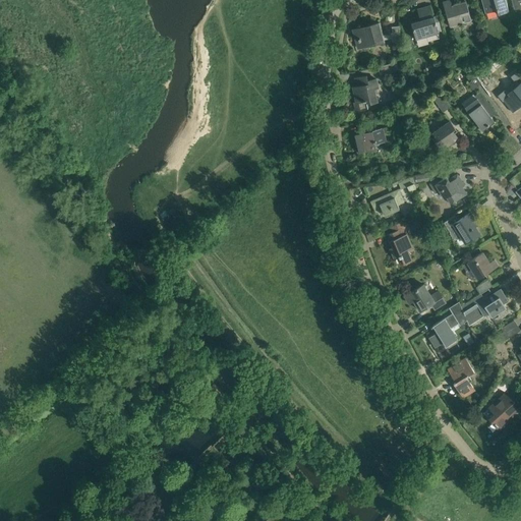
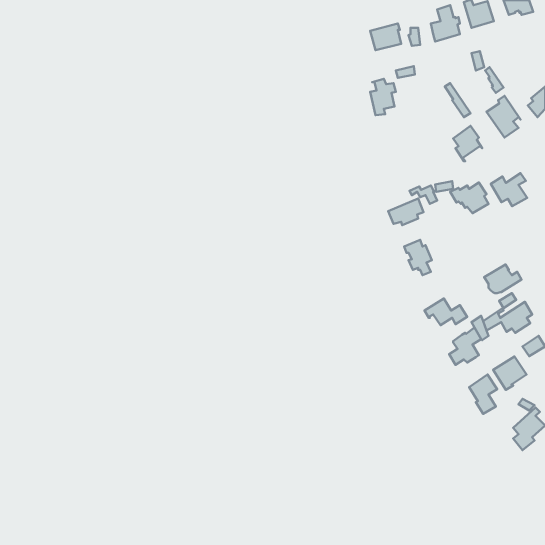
building: [355,128,385,153] -> none
building: [445,211,479,242] -> [491,173,527,206]
building: none -> [493,357,526,390]

